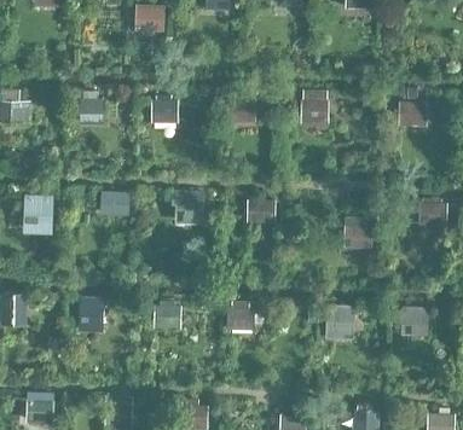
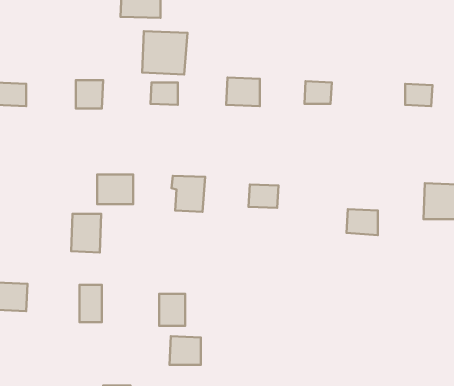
building: none -> [142,31,187,74]
building: [24,192,53,229] -> [71,214,101,252]
building: [225,302,255,330] -> [170,336,201,365]
building: [328,304,353,336] -> none
building: [400,304,427,336] -> none

